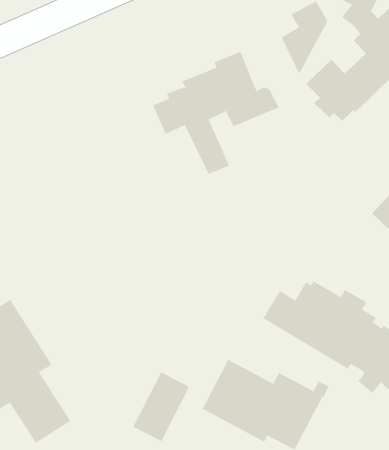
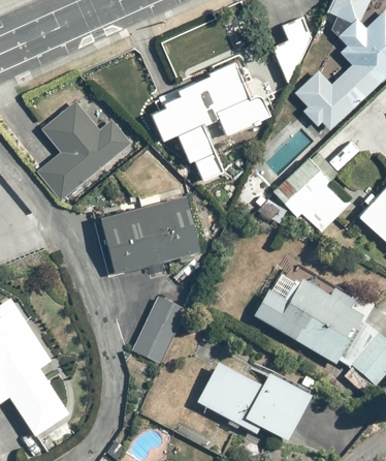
building: none -> [38,100,131,201]
building: none -> [275,153,348,230]
building: none -> [98,194,199,274]
building: [133,372,190,442] -> [133,296,188,363]

